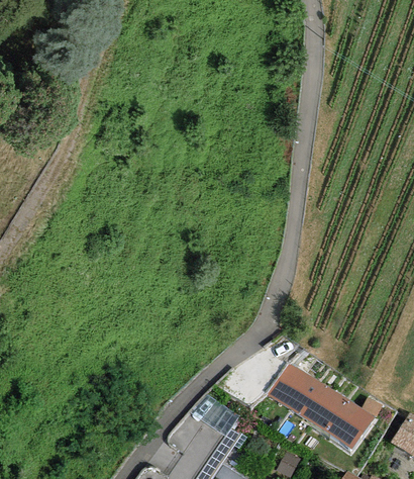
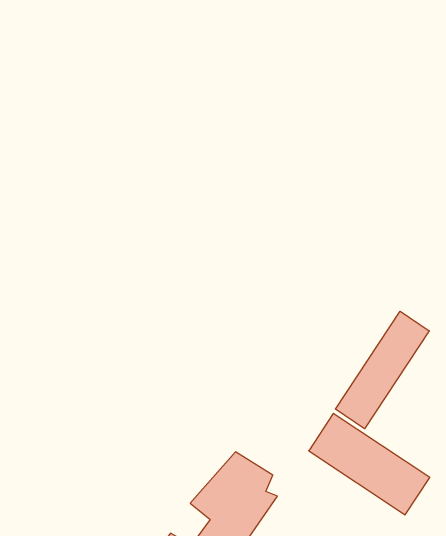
building: none -> [335,311,429,429]

